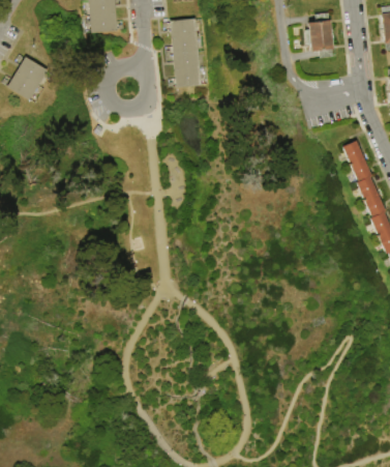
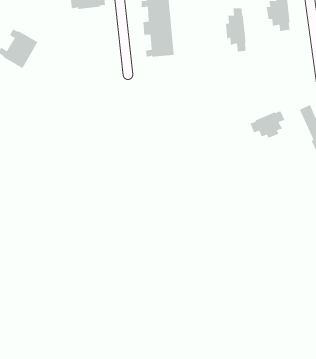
building: none -> [225,7,247,53]
building: none -> [250,110,285,139]

